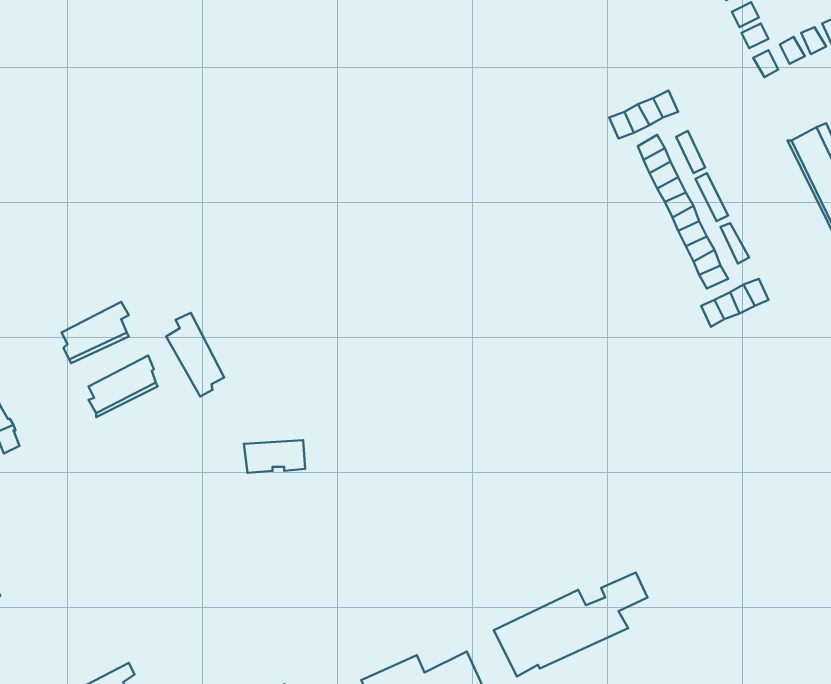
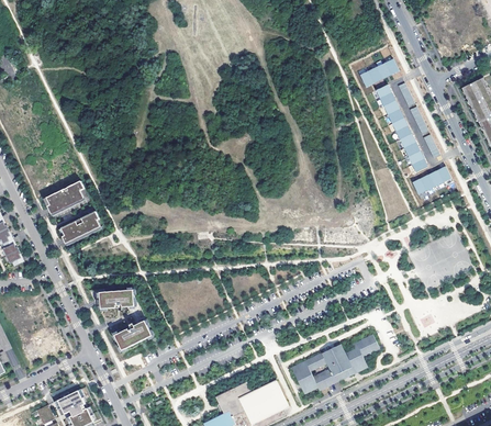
building: [166,313,224,396] -> none
building: [244,440,305,473] -> [98,289,133,307]
building: none -> [113,320,152,349]

